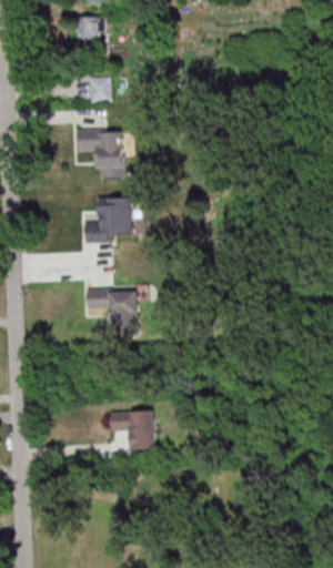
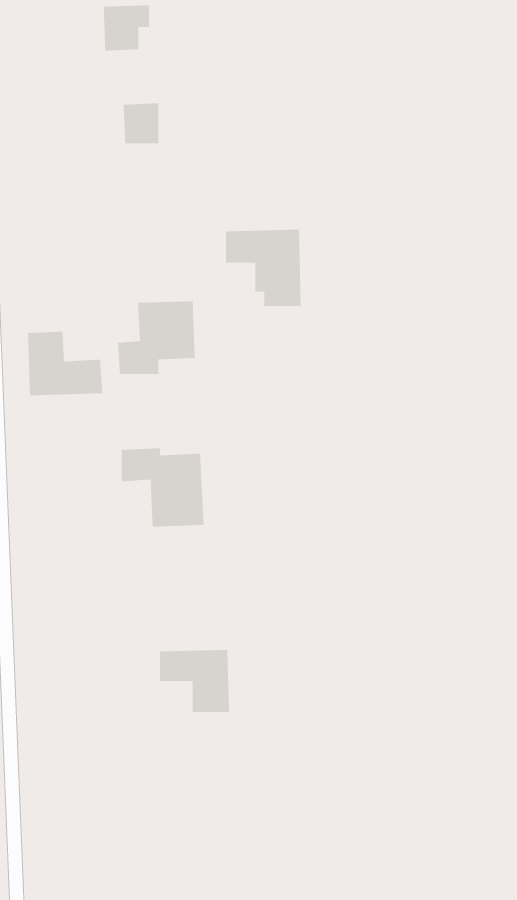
building: [78,130,124,178] -> [225,229,302,307]
building: none -> [27,331,103,396]

